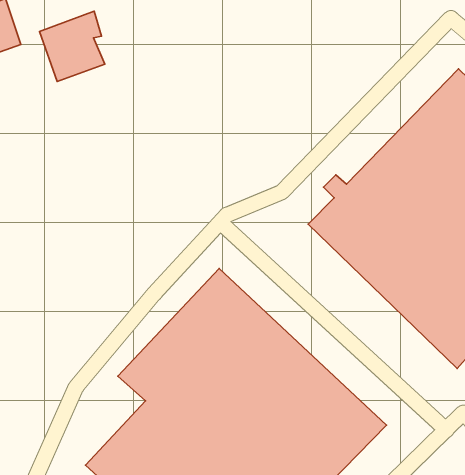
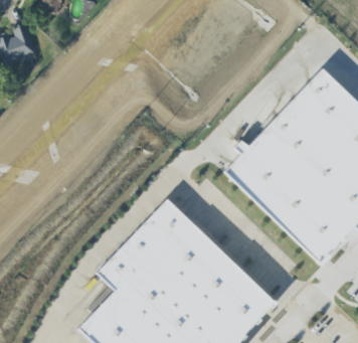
building: [40,11,105,81] -> none

